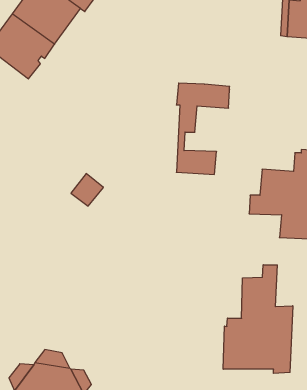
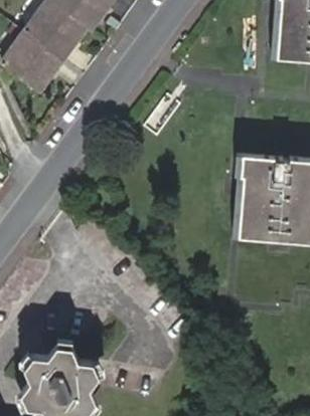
building: [176,83,230,174] -> [237,156,286,240]
building: [223,265,293,373] -> none

